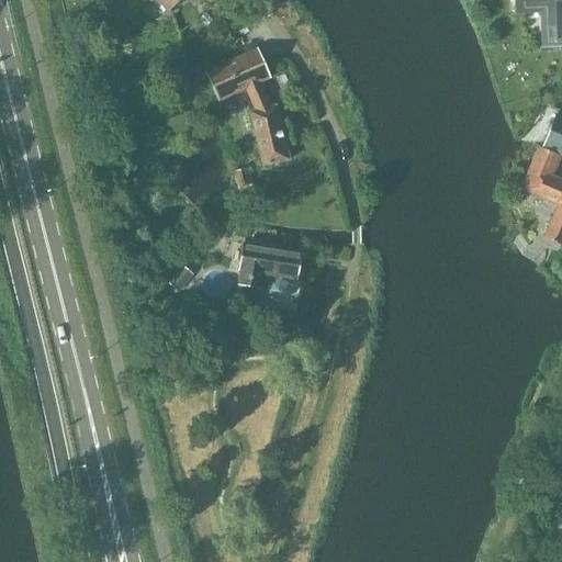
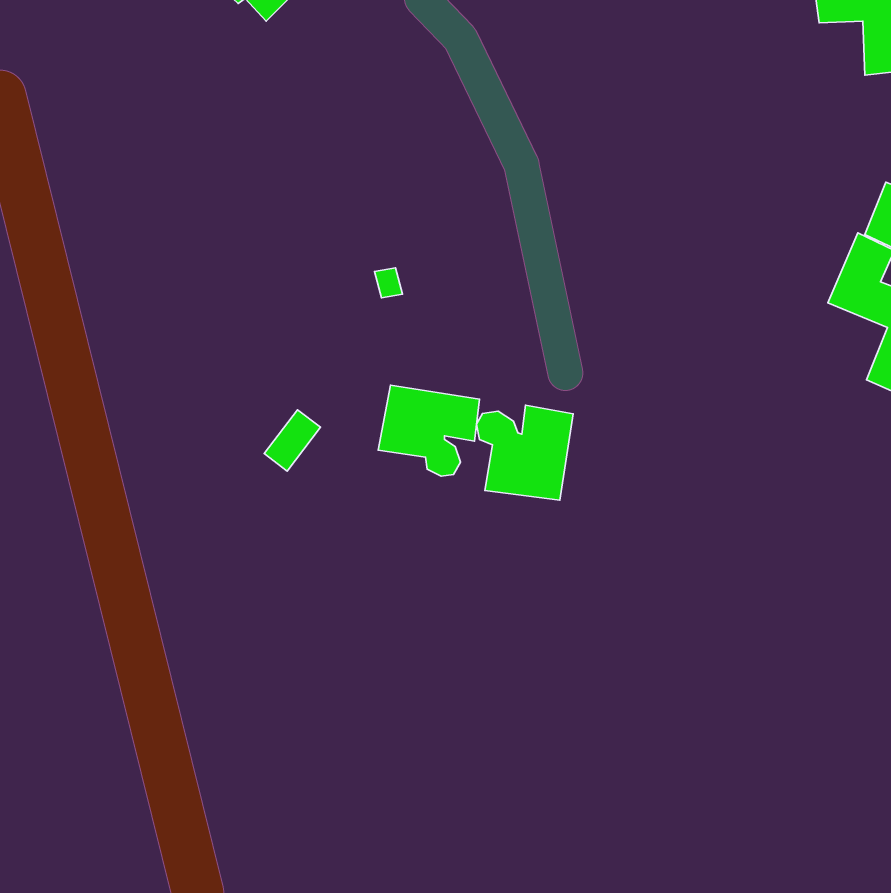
building: [207,48,292,166] -> none
building: none -> [477,405,573,500]

